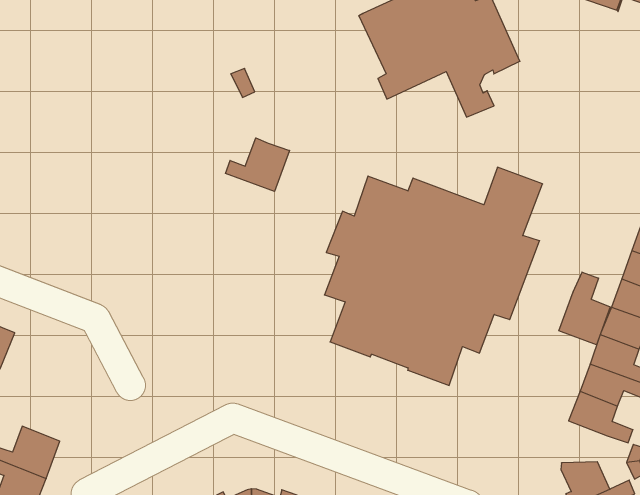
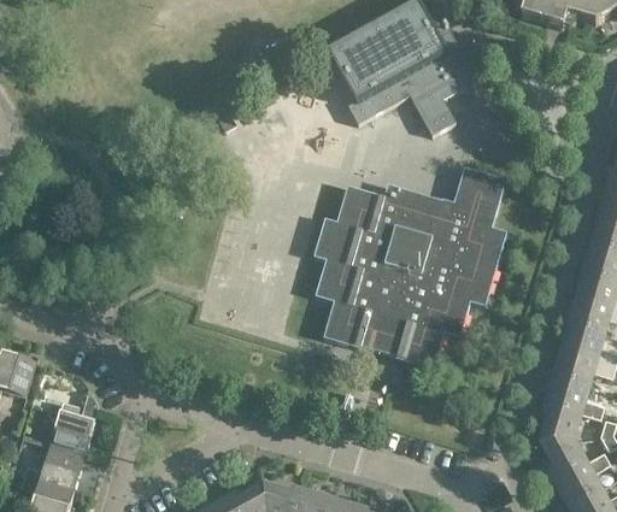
building: [226,138,290,191] -> none
building: [559,272,610,345] -> none
building: none -> [51,398,95,453]
building: none -> [541,400,582,439]

